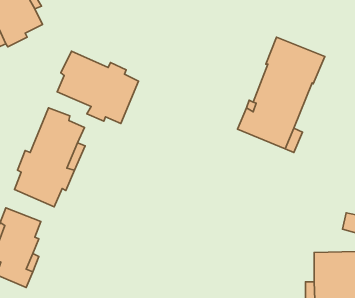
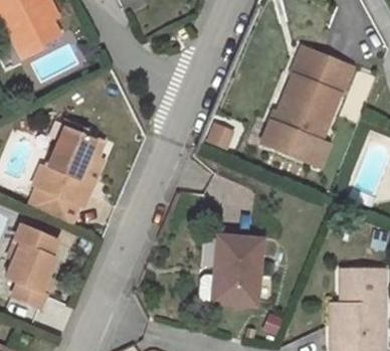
building: [57,51,139,123] -> none
building: none -> [200,235,260,305]

